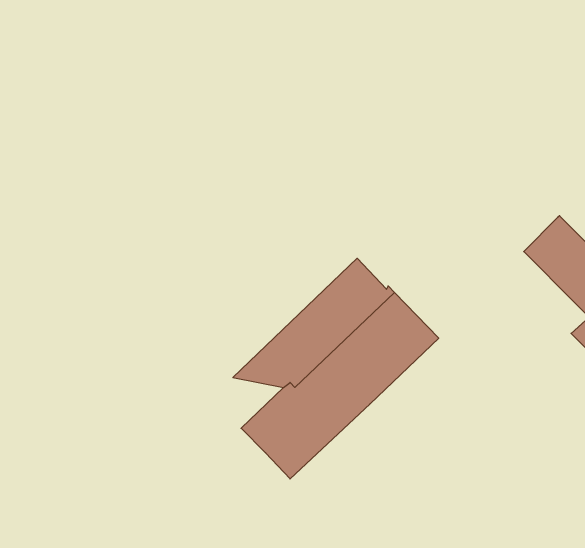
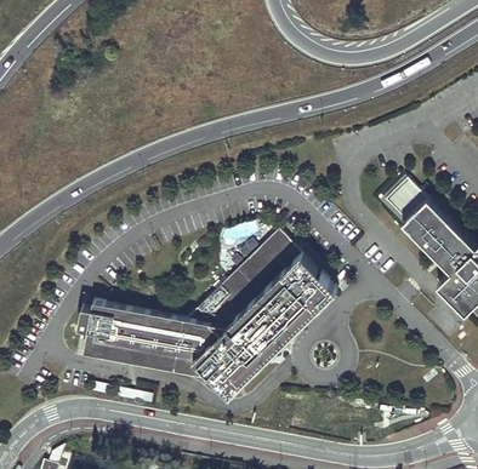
building: none -> [377,177,427,227]
building: none -> [86,303,223,376]

